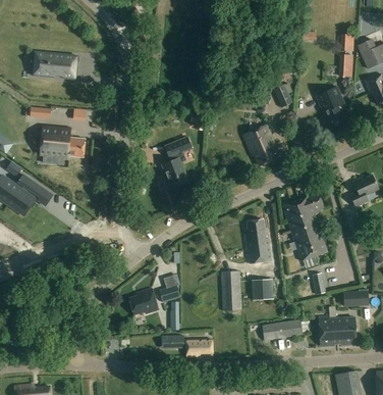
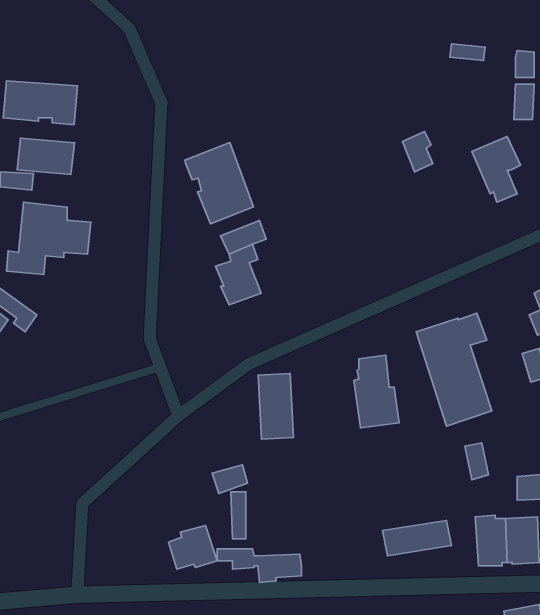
building: none -> [17,138,75,174]
building: none -> [185,143,254,224]
building: [243,125,280,165] -> none
building: [221,270,242,310] -> [258,374,293,439]
building: [252,279,273,299] -> none
building: [129,288,159,314] -> [168,525,217,569]

